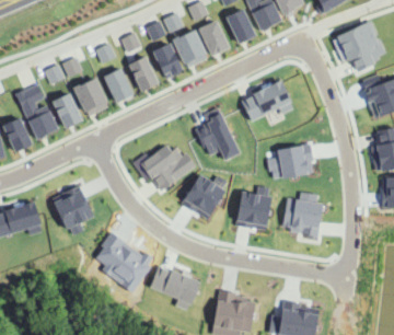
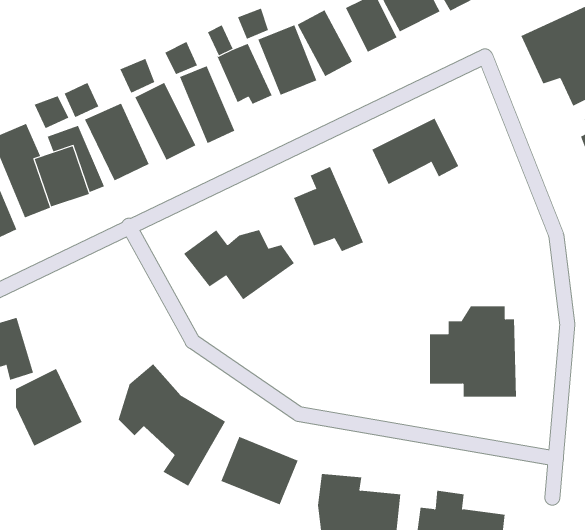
building: [265,140,315,181] -> none
building: [179,174,230,218] -> none
building: [54,184,93,230] -> [15,368,82,446]
building: [234,186,273,229] -> none

